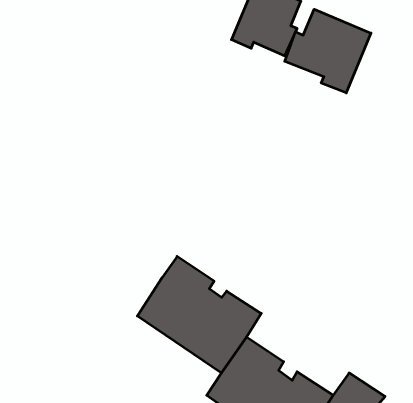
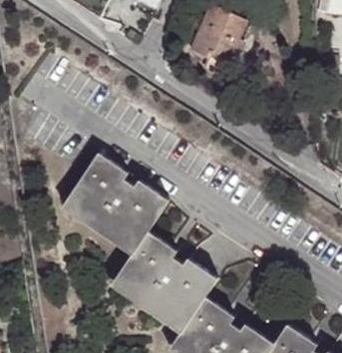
building: [285,9,371,93] -> none
building: none -> [67,153,167,247]

